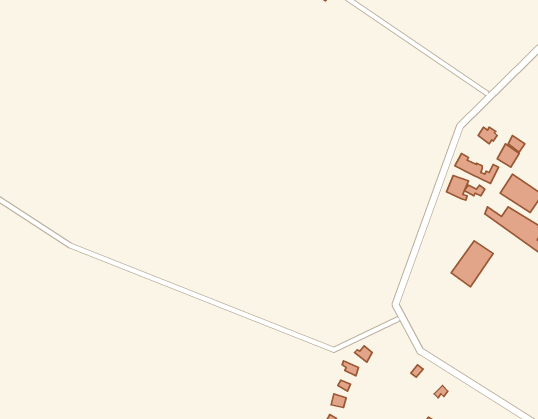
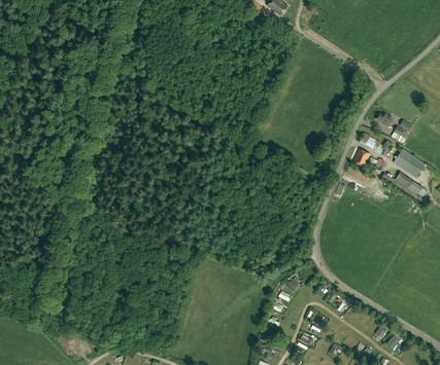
building: [451,241,493,287] -> none

